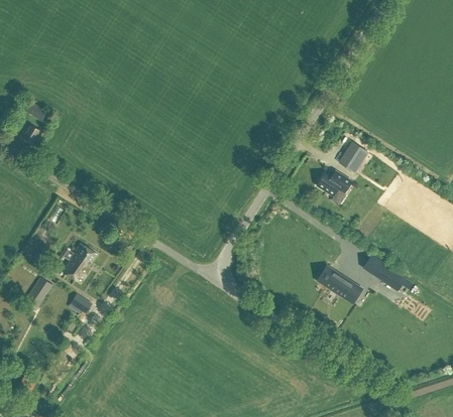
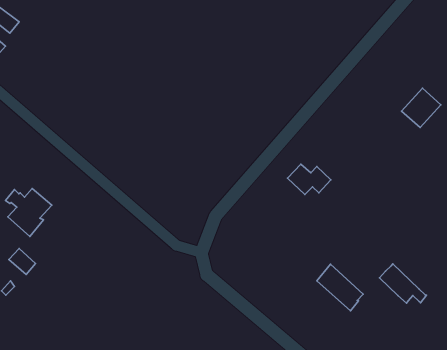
building: [336,140,367,172] -> [401,88,441,128]
building: [315,171,350,195] -> [288,164,331,195]

